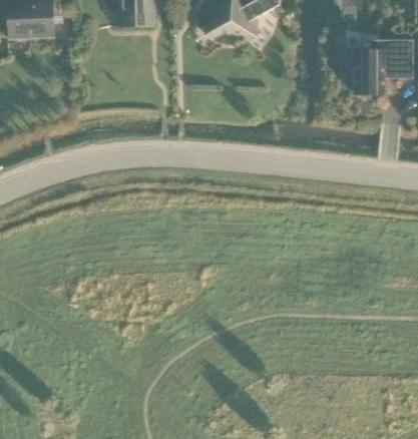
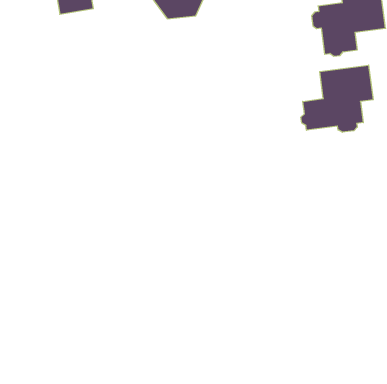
building: none -> [301,65,373,132]

